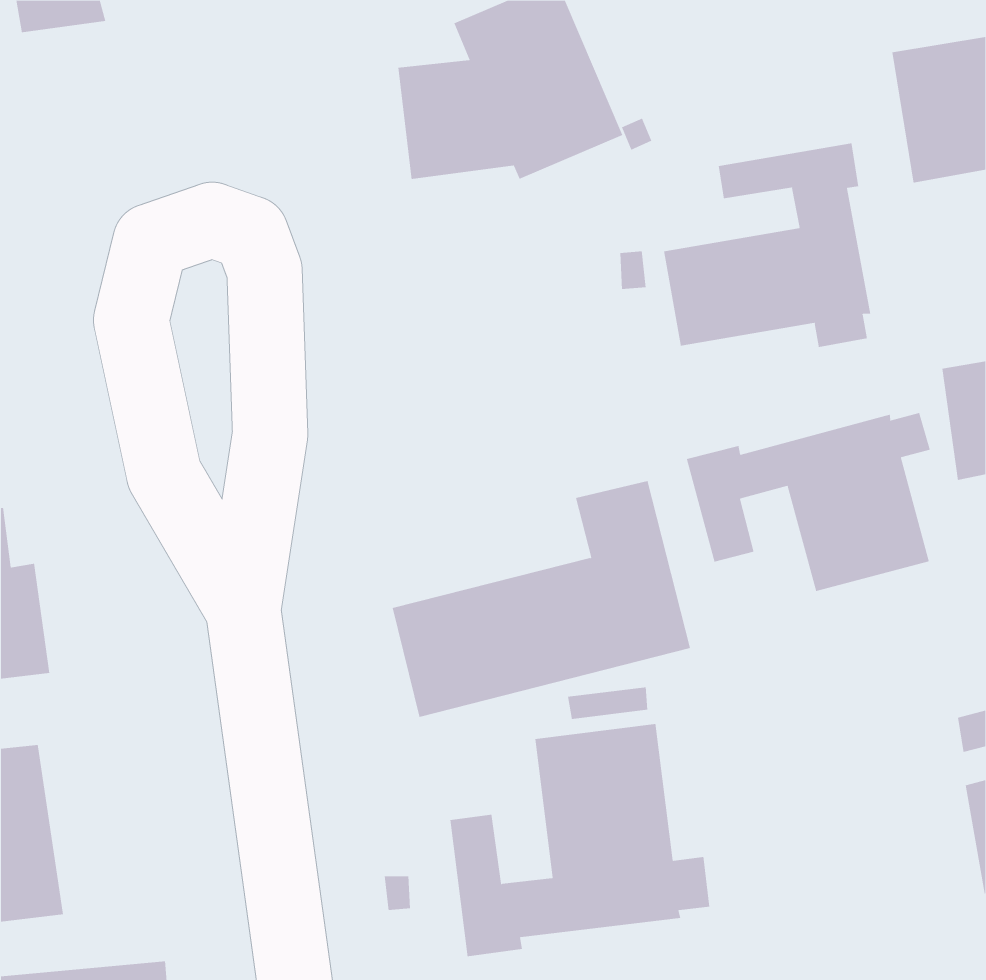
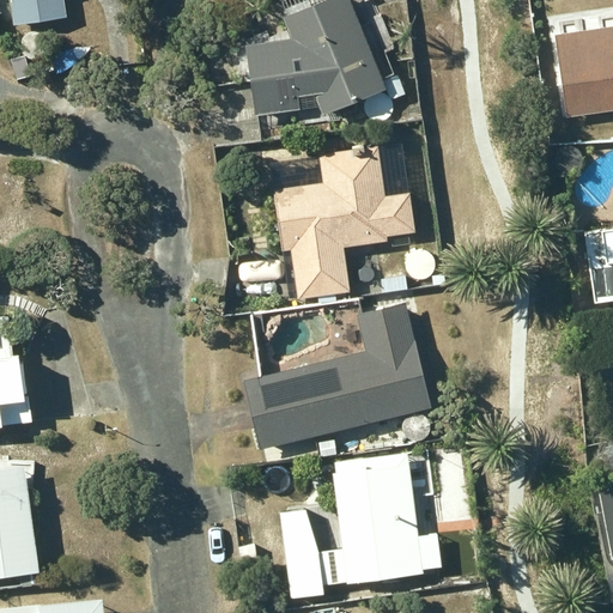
building: [664,143,871,348] -> none
building: none -> [272,145,417,299]
building: [686,412,930,592] -> none

